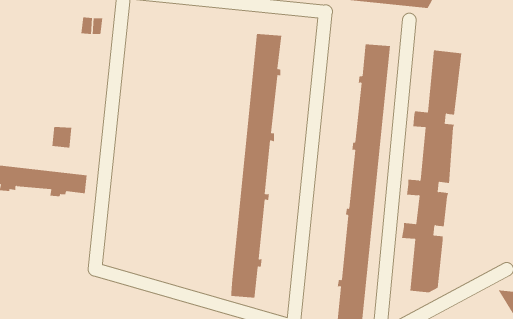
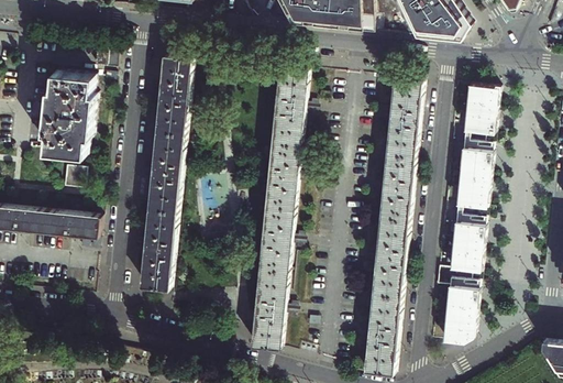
building: none -> [142,54,191,287]
building: none -> [44,70,95,152]

